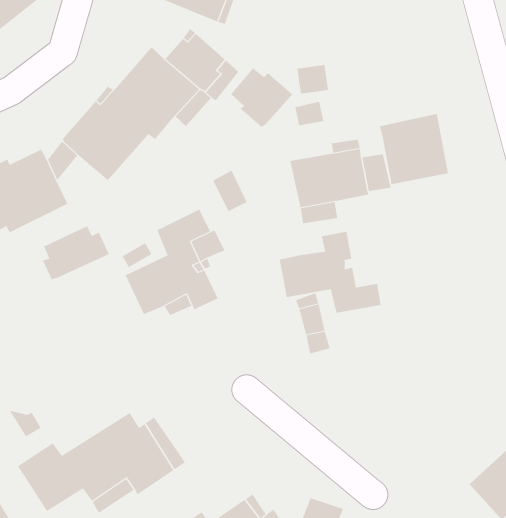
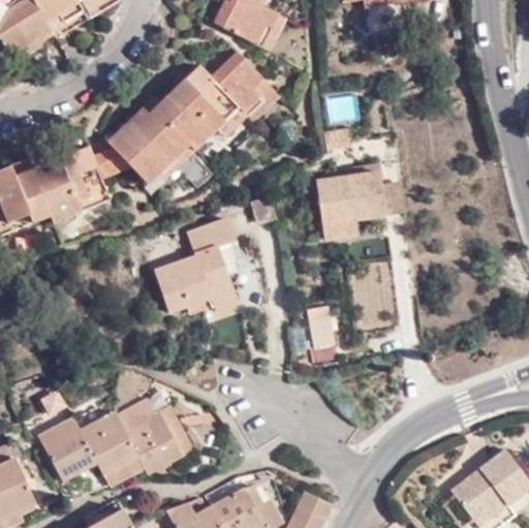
building: [231,67,293,128] -> none
building: [379,113,448,185] -> none
building: [42,226,110,280] -> none
building: [279,231,381,313] -> none

